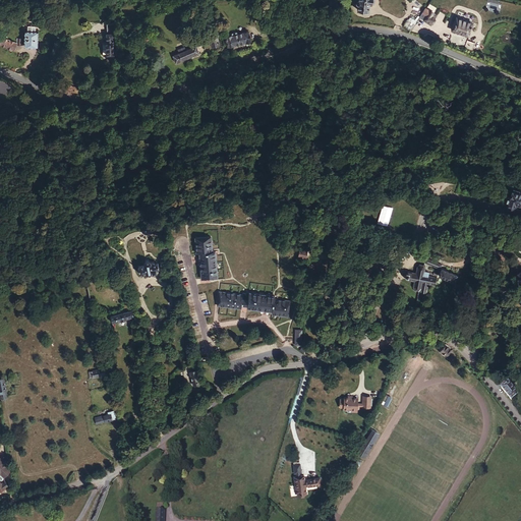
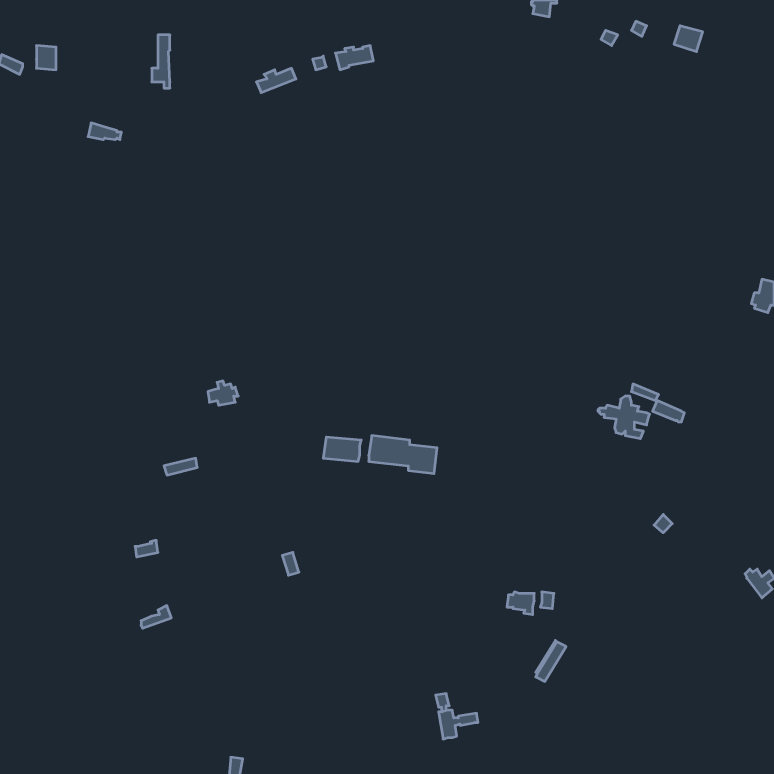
building: [199,236,218,278] -> none

